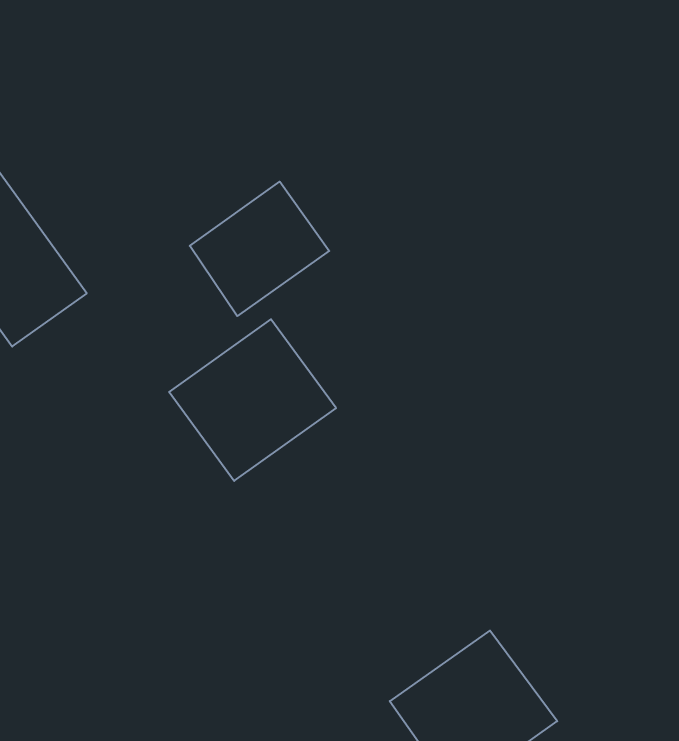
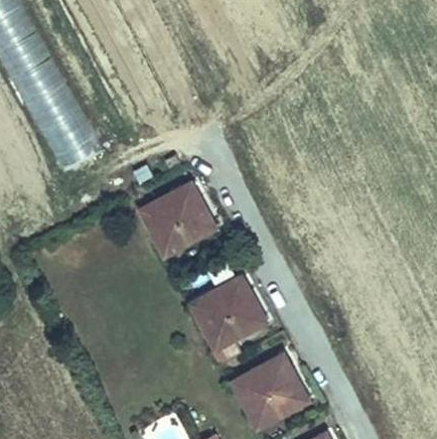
building: [190,182,329,316] -> none
building: none -> [185,273,270,365]

